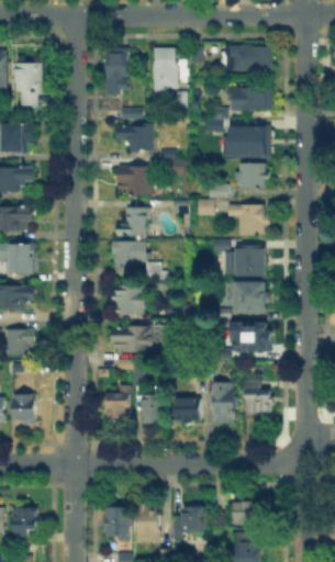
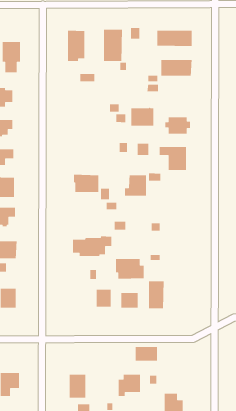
building: [116,127,153,149] -> none
building: [231,127,263,154] -> [130,107,154,126]
building: [118,168,150,195] -> none
building: [116,210,146,237] -> none
building: [235,248,266,278] -> [124,174,147,196]
building: [239,284,266,314] -> none
building: [110,288,148,316] -> none
building: [230,323,269,351] -> [115,258,145,280]
building: [245,383,270,413] -> none
building: [102,386,130,419] -> none
building: [232,504,263,525] -> [135,346,158,362]
building: [137,507,160,541] -> none

